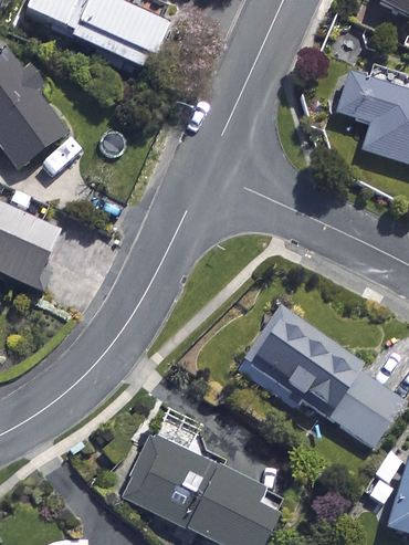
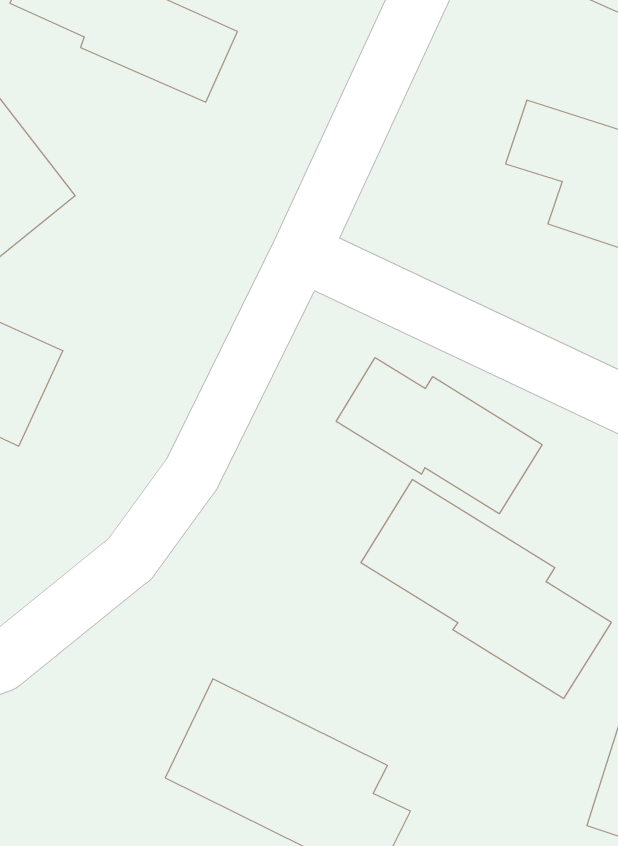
building: none -> [336,358,542,514]

